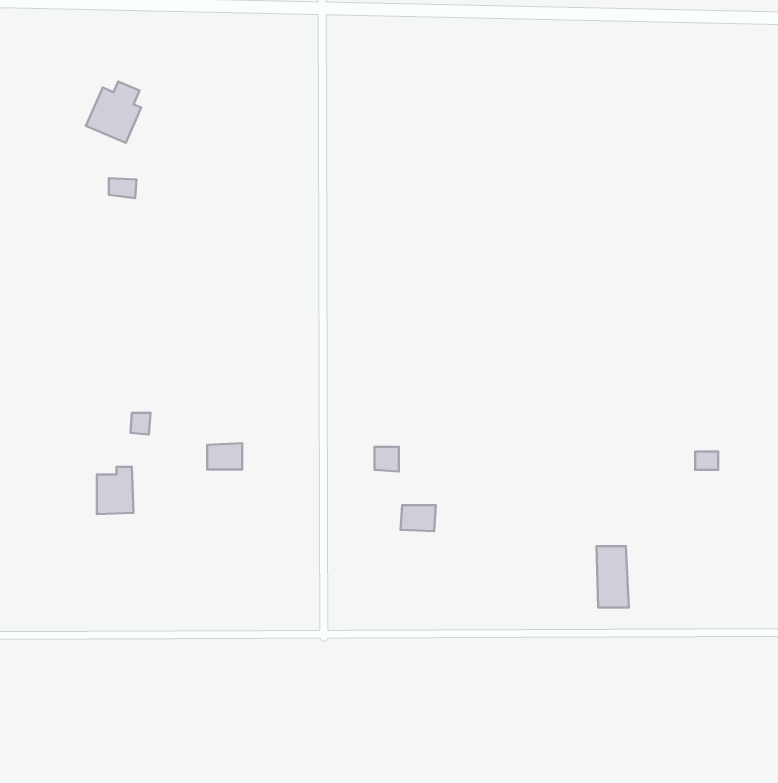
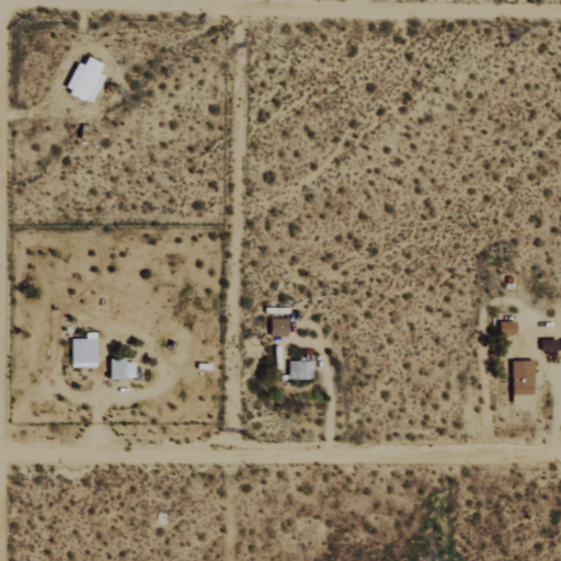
building: [207,443,242,469] -> [112,359,137,378]
building: [597,546,629,608] -> [513,360,536,404]

